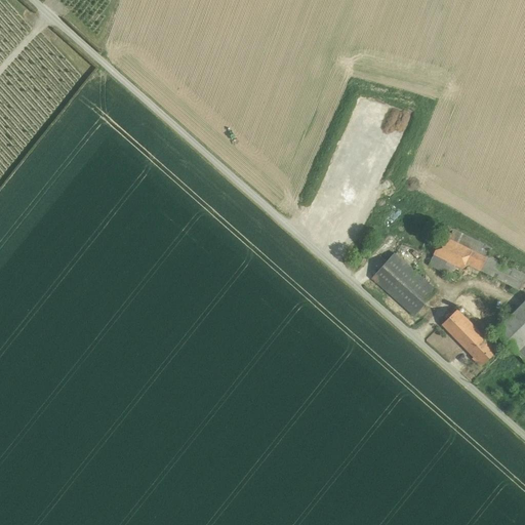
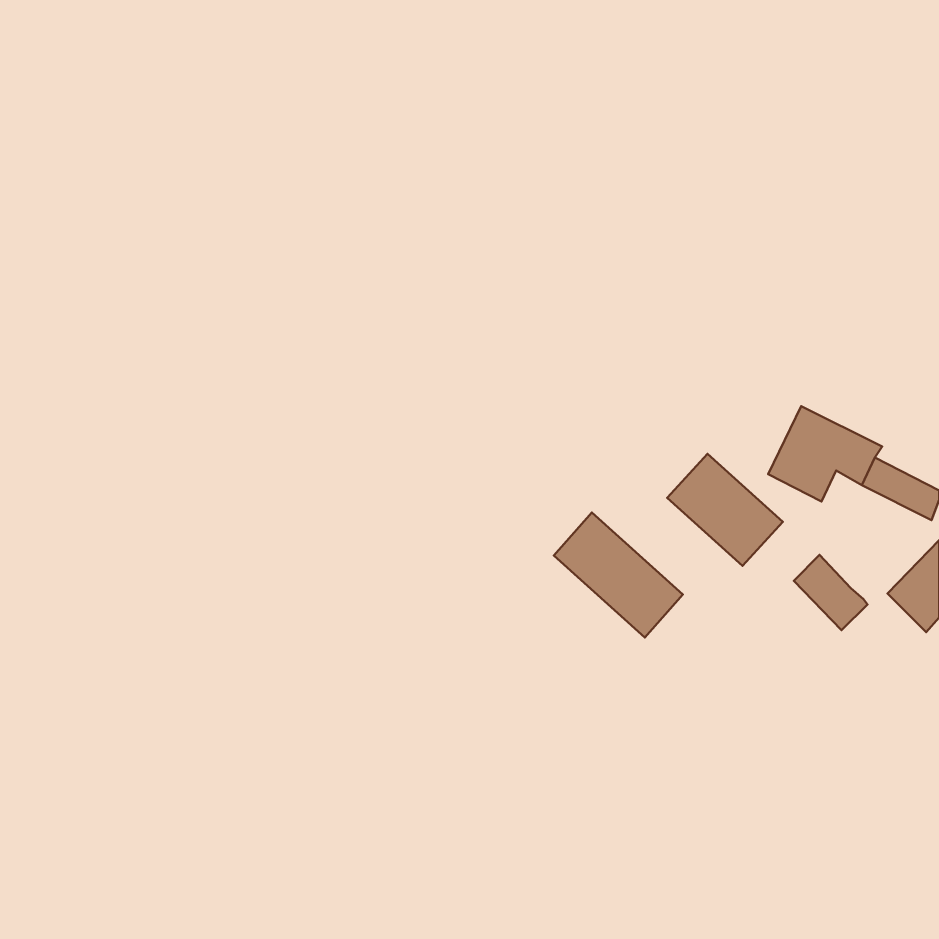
building: none -> [554,512,683,637]
building: [470,337,497,367] -> none

